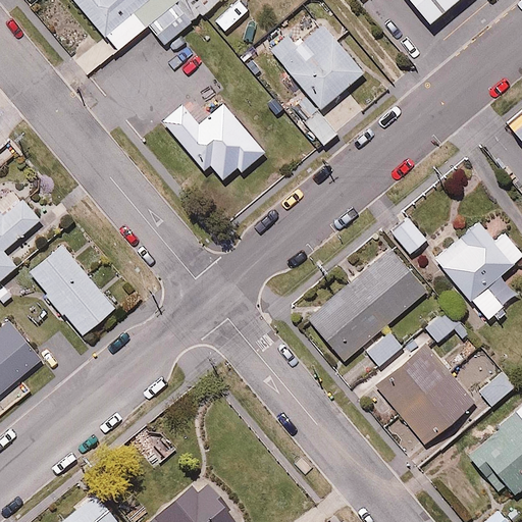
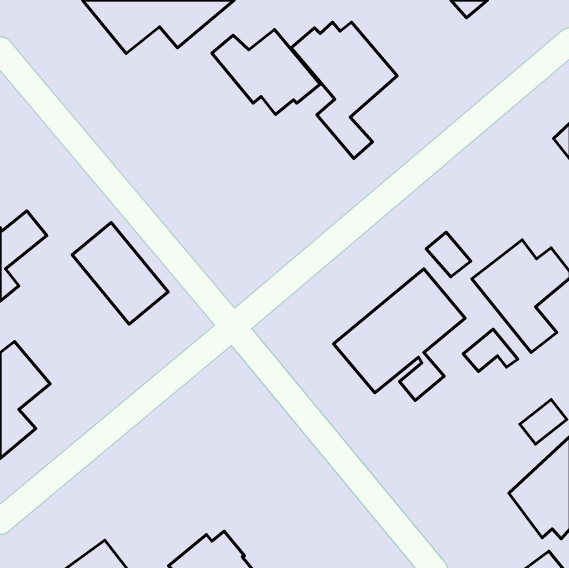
building: [165,102,264,179] -> [212,30,320,114]
building: [28,241,115,333] -> [72,222,168,324]
building: [377,345,474,443] -> none

